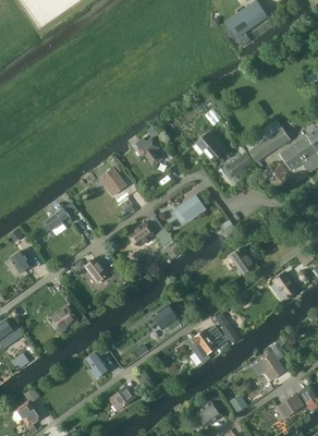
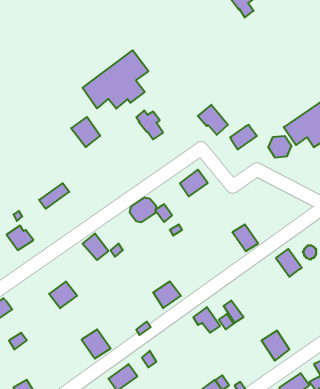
building: none -> [83,50,148,109]
building: [244,119,291,161] -> none
building: [99,166,127,195] -> [71,117,100,147]

